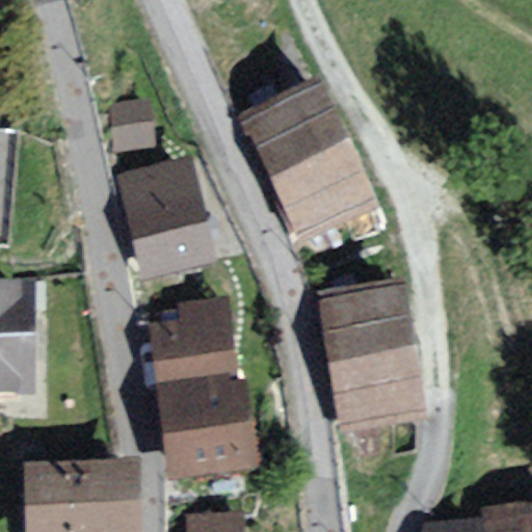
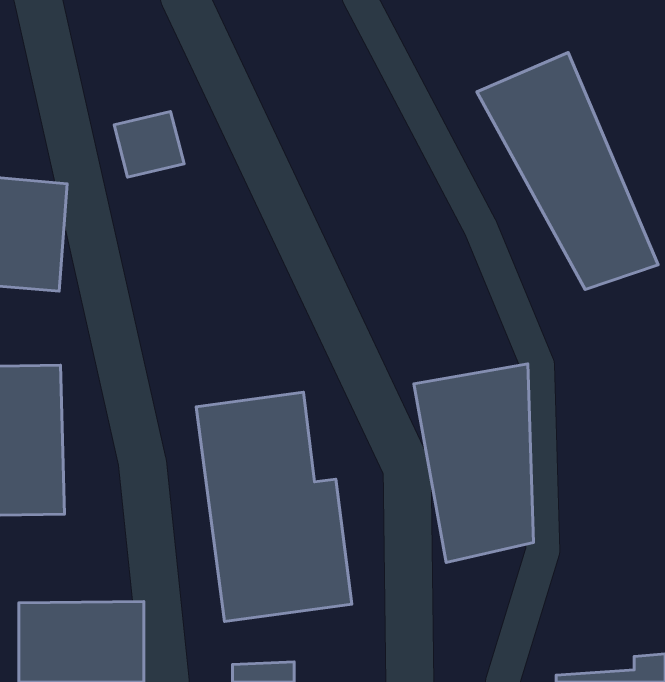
building: none -> [477,53,658,290]
building: [243,91,375,238] -> none
building: [105,158,206,271] -> none

